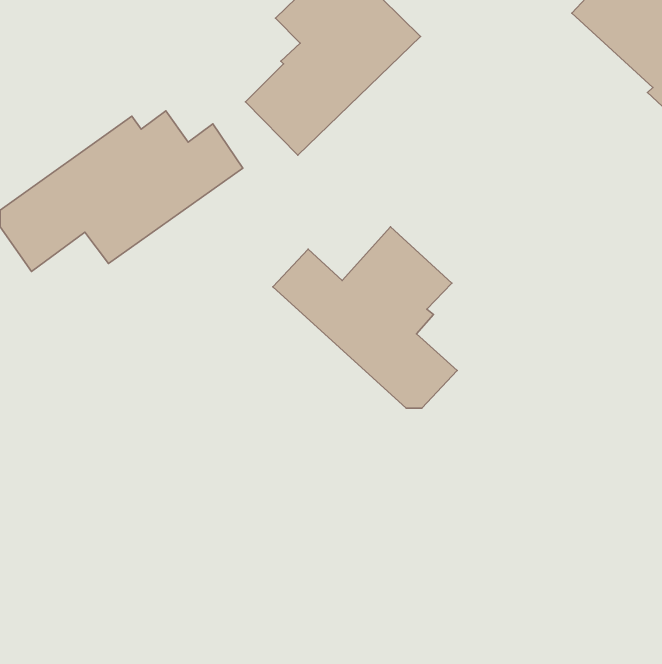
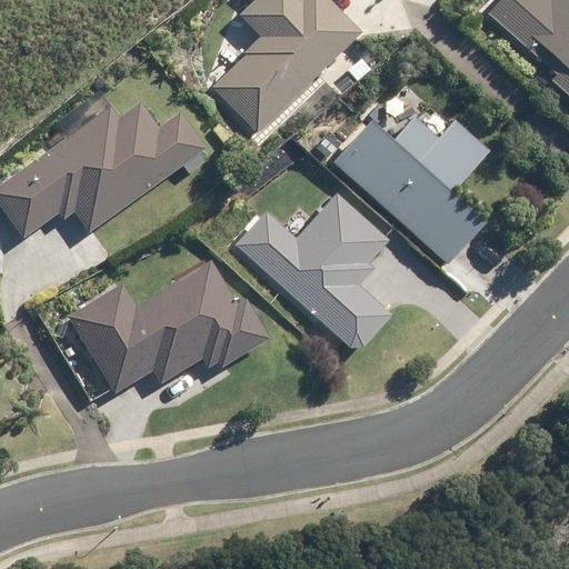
building: none -> [332,117,489,264]
building: none -> [68,260,269,392]

